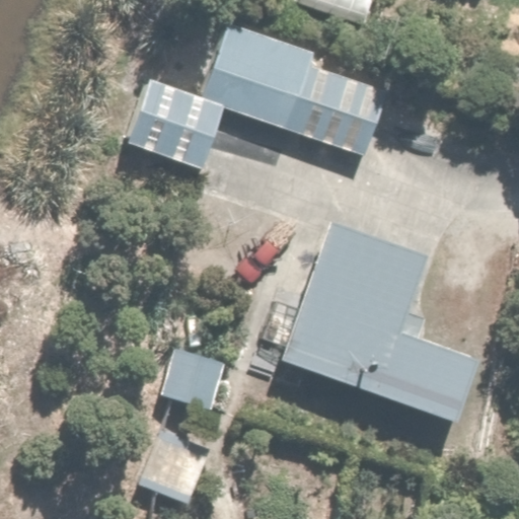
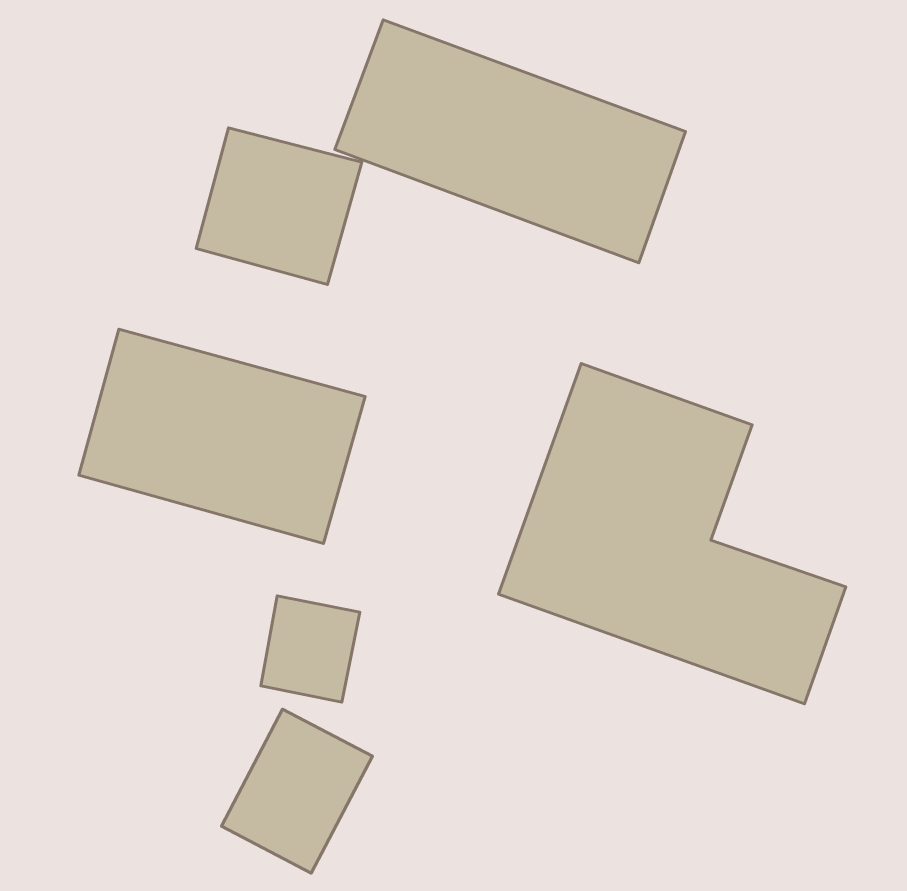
building: none -> [79,329,365,543]

